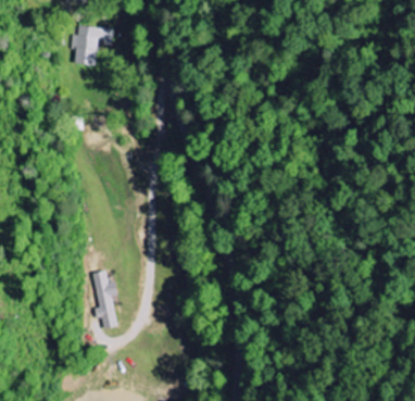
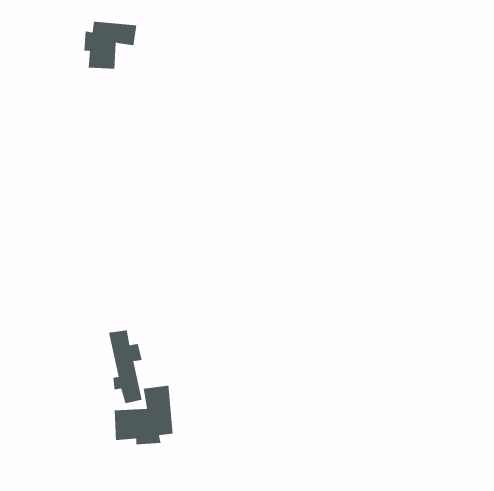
building: none -> [114,385,173,445]

